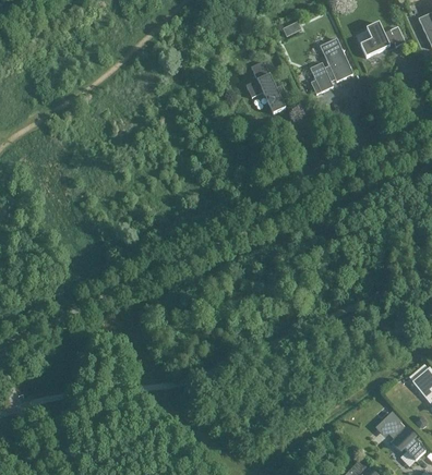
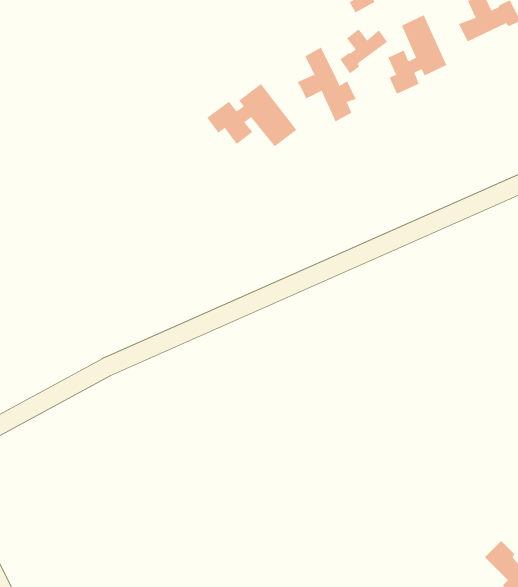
building: none -> [339,28,388,74]
building: none -> [206,83,297,147]

